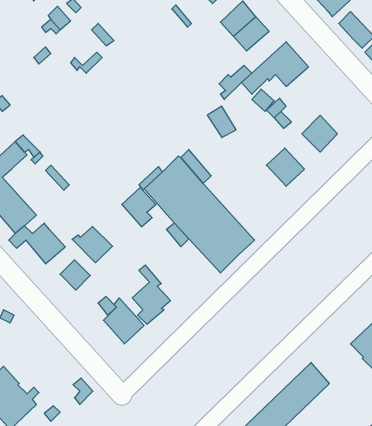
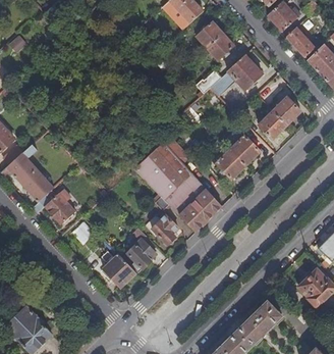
building: none -> [273,96,300,123]
building: none -> [216,148,246,178]
building: [122,187,156,227] -> [153,213,179,244]
building: [72,226,113,263] -> none

